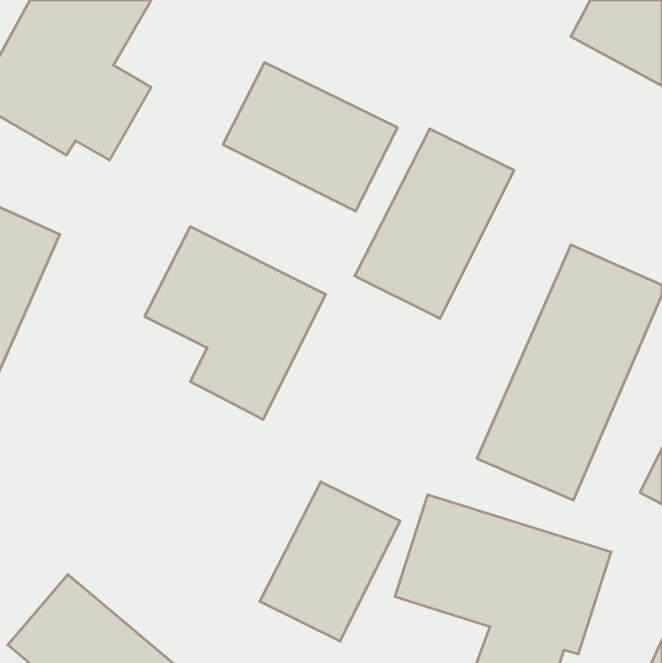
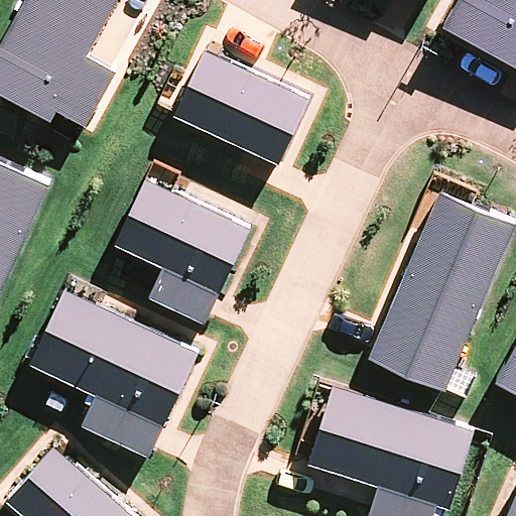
building: [355,129,514,319] -> none
building: none -> [27,288,198,452]
building: [260,482,400,641] -> none

